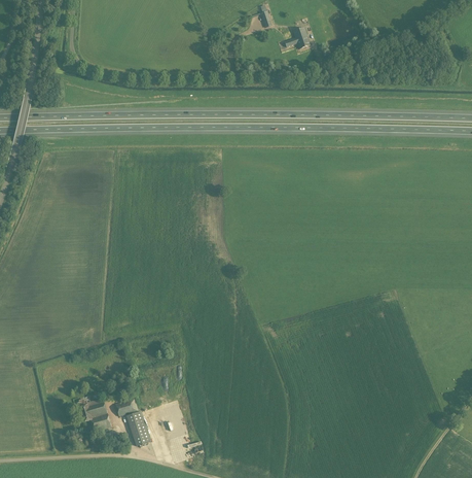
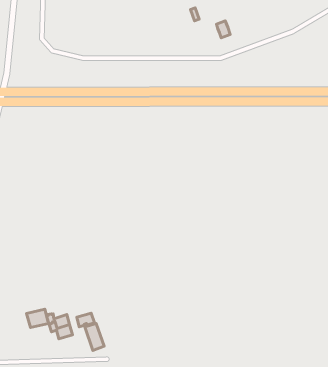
building: none -> [26,309,48,328]

